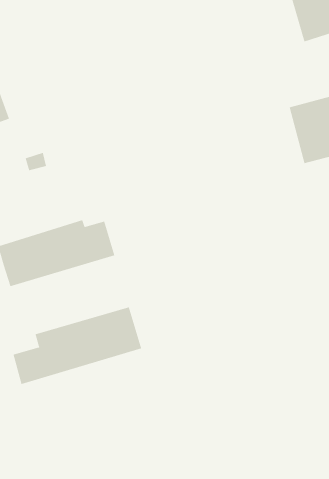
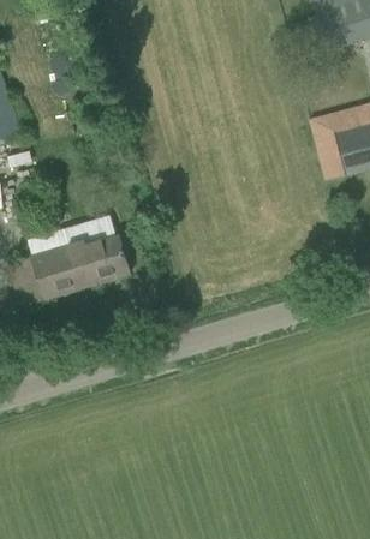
building: [13,306,142,385] -> none

